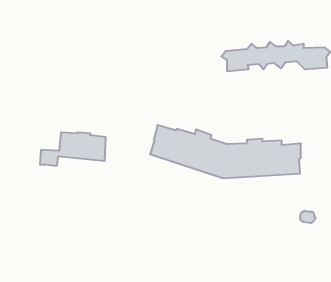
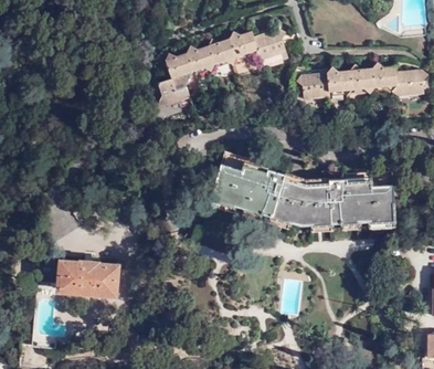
building: none -> [159,28,290,105]
building: [40,132,106,165] -> [36,262,116,302]

